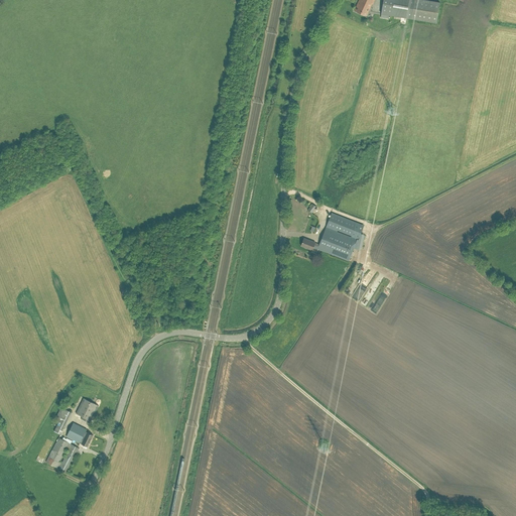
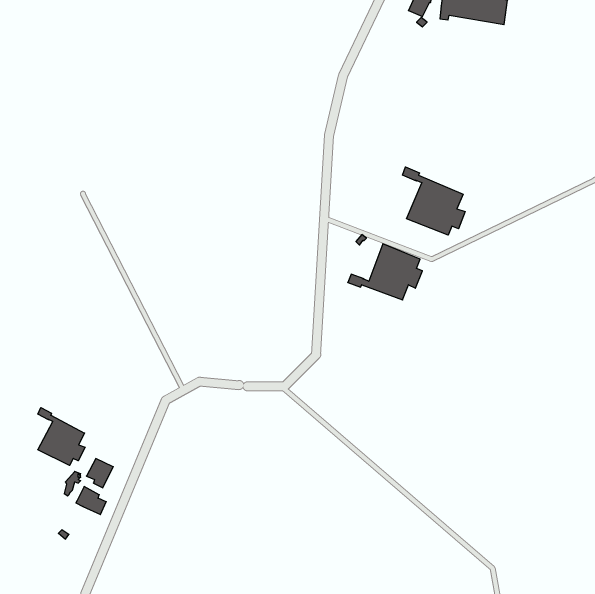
building: none -> [402,167,465,235]
building: none -> [38,408,85,465]

